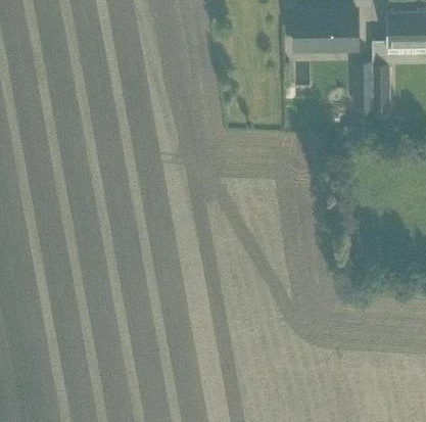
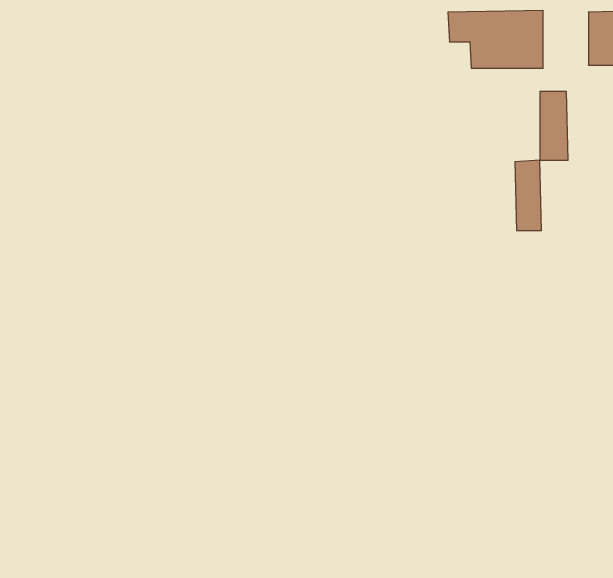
building: [372,66,389,112] -> [515,160,542,230]

